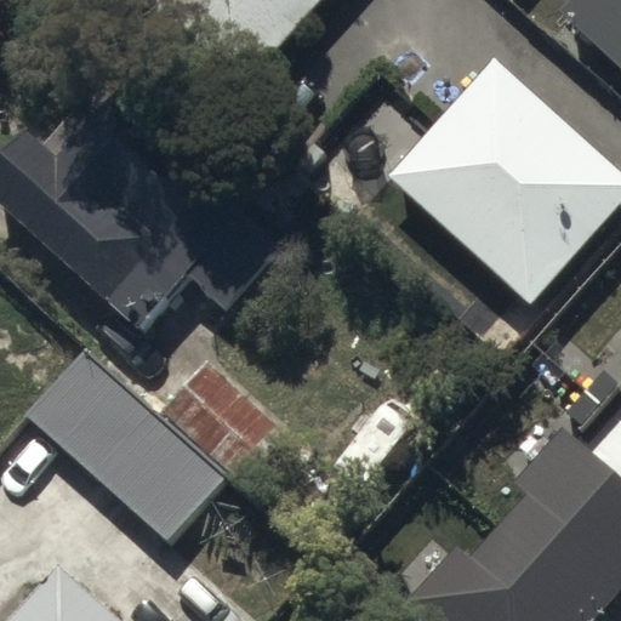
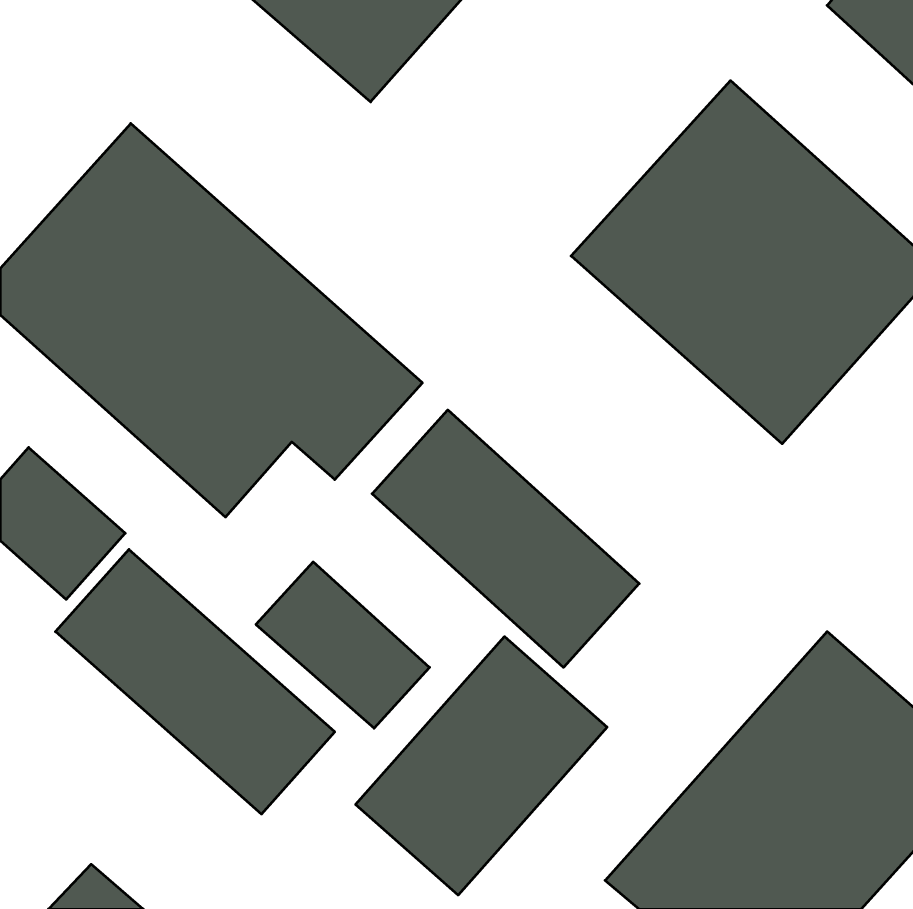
building: none -> [372,410,639,667]
building: none -> [356,637,607,895]

